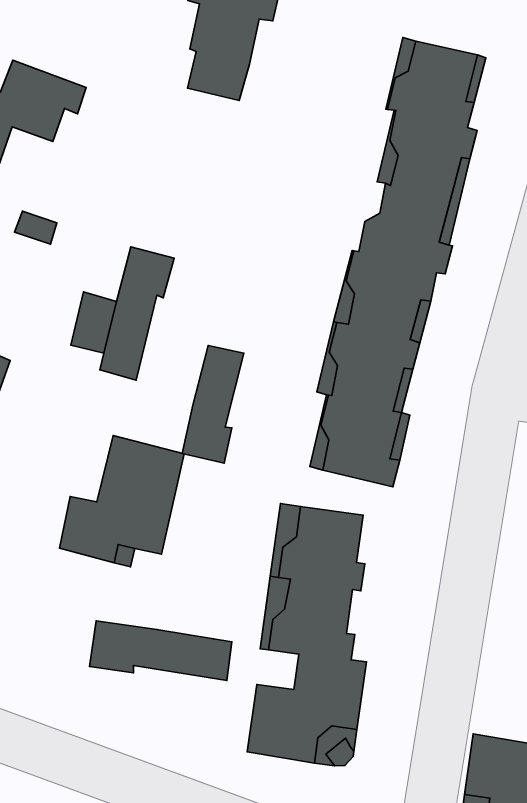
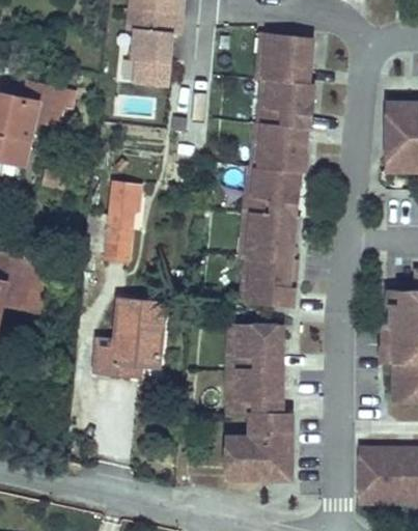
building: [182,345,244,463] -> none
building: [89,621,232,681] -> none

